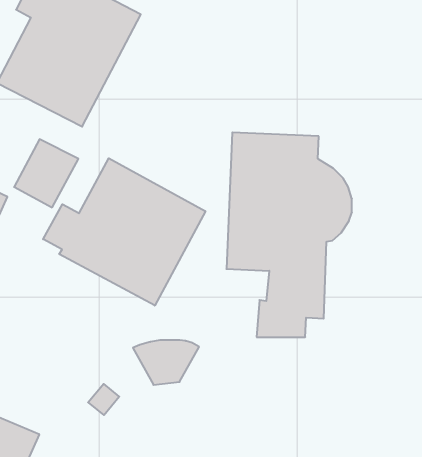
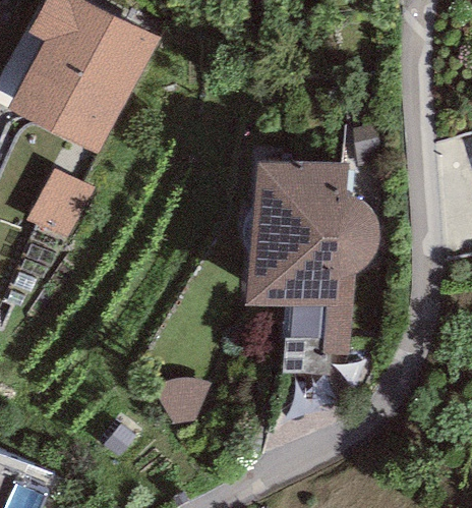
building: [43,158,205,306] -> none

